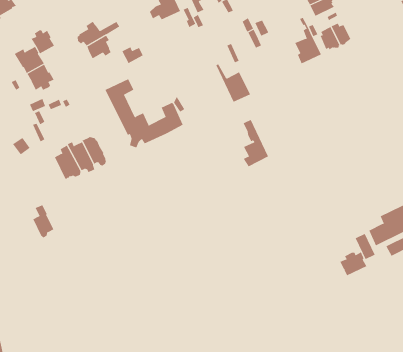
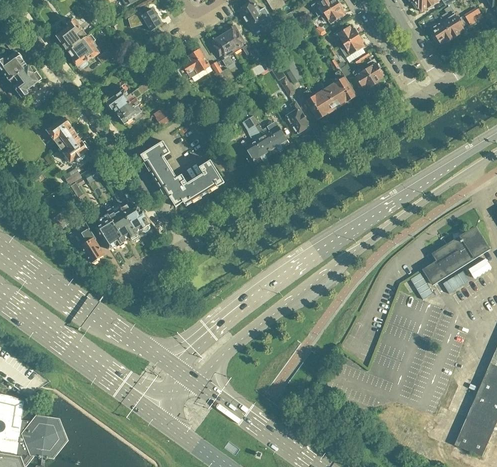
building: [31,30,55,54] -> none
building: none -> [303,85,337,118]
building: none -> [285,100,309,132]
building: [243,119,269,167] -> [242,116,272,165]
building: [33,205,54,238] -> [81,228,104,262]
building: [340,251,367,276] -> none

